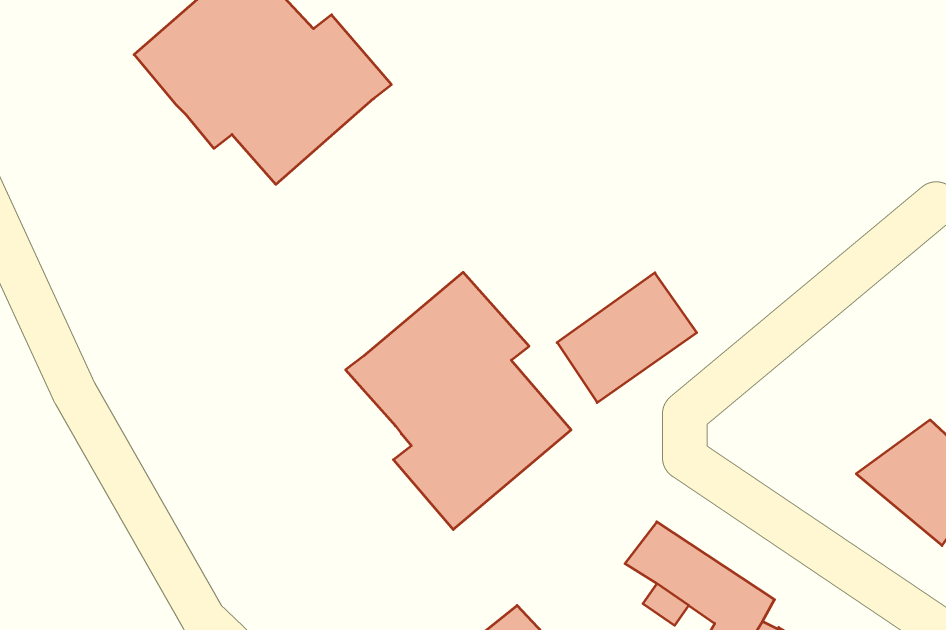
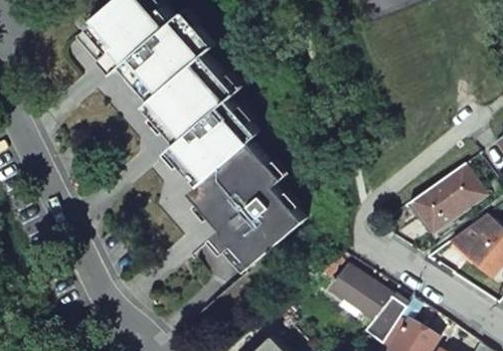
building: none -> [146,53,258,183]
building: [557,273,697,403] -> [412,165,483,230]

